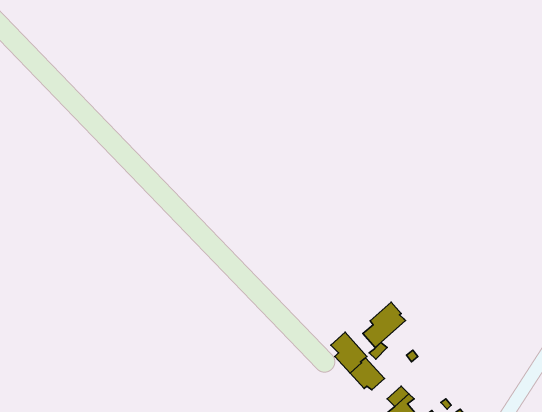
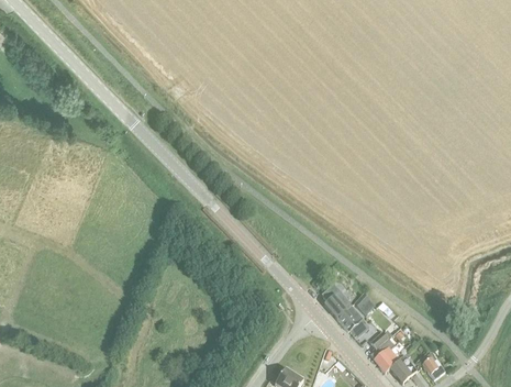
building: [363,302,405,348] -> none

